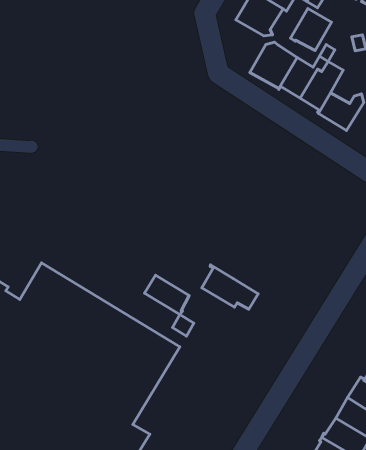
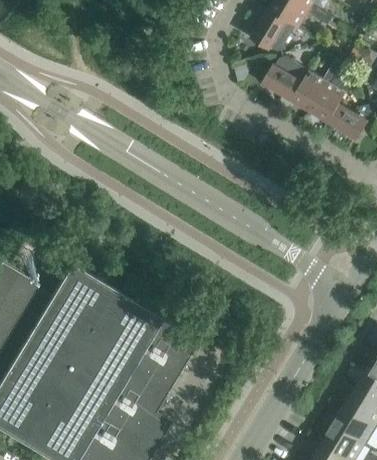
building: [291,8,331,50] -> none
building: [202,265,258,309] -> none
building: [145,275,189,315] -> none

